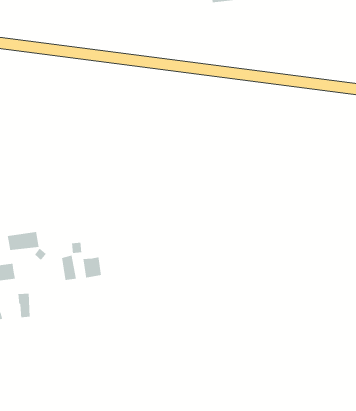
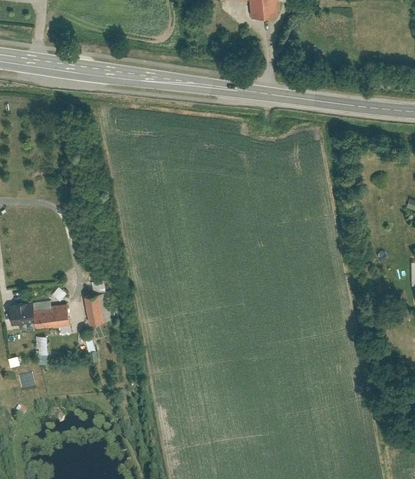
building: [7,231,39,251] -> [33,305,69,327]
building: [82,257,102,278] -> none

